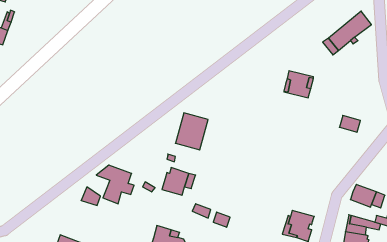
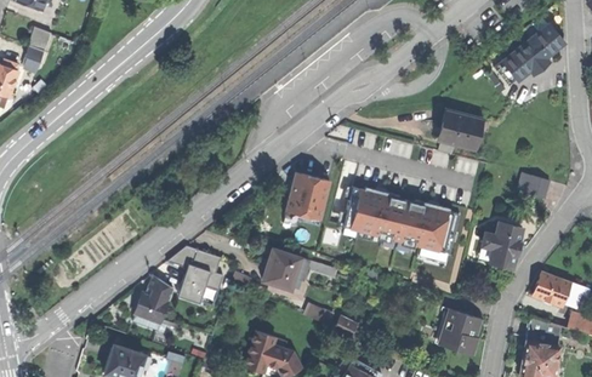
building: none -> [342,185,460,252]
building: none -> [489,222,522,267]
building: none -> [136,295,169,324]

